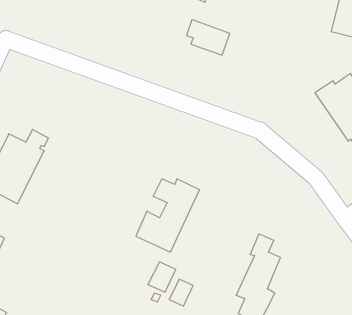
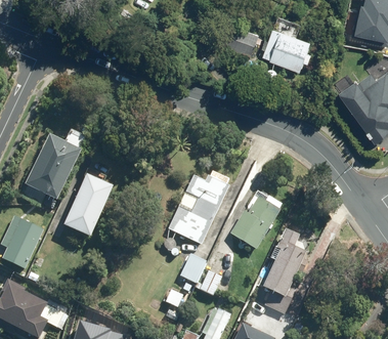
building: none -> [261,30,309,73]
building: none -> [62,171,112,235]
building: none -> [229,194,279,248]

